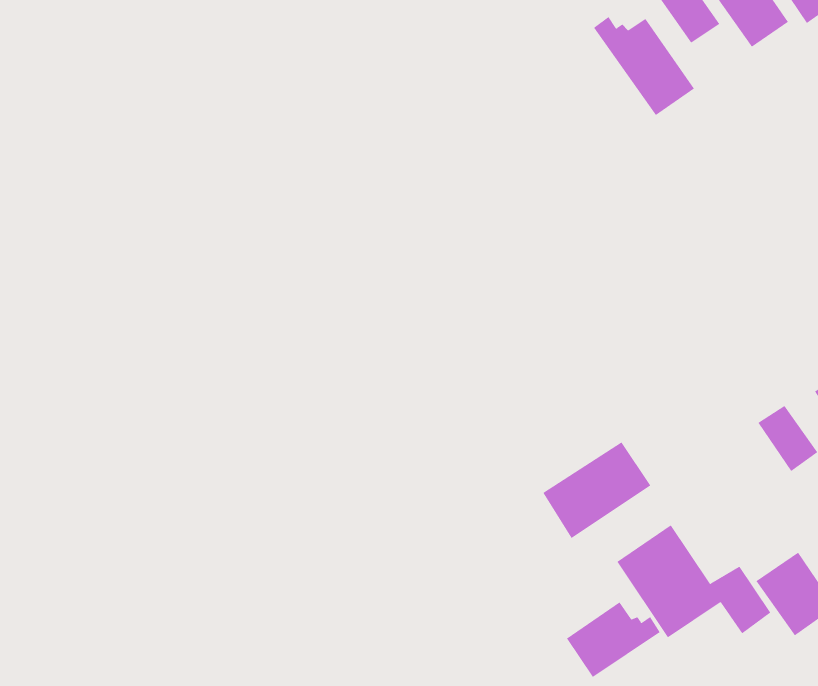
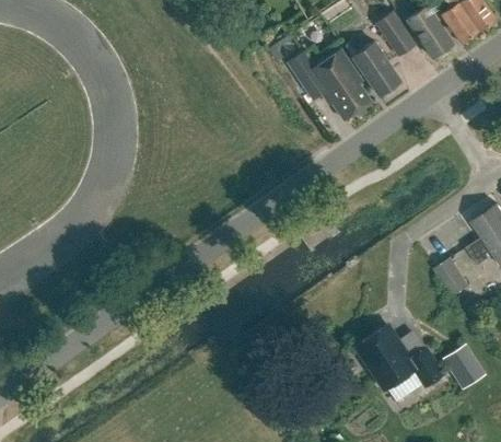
building: none -> [290,49,373,120]
building: [543,441,651,539] -> none
building: [566,601,661,678] -> none

